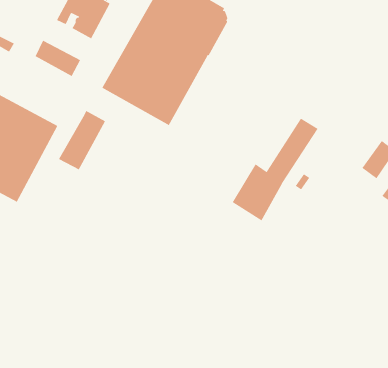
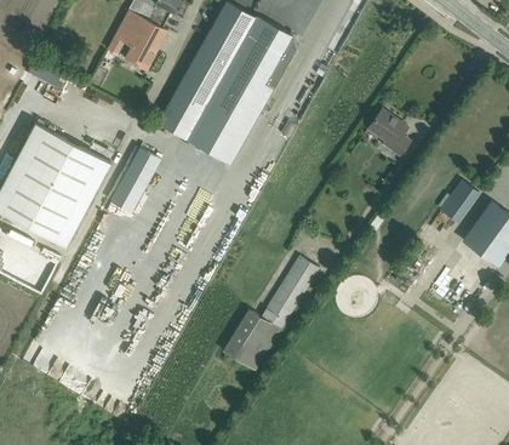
building: [35,40,81,77] -> none
building: none -> [367,108,410,155]
building: [232,118,318,221] -> [223,257,318,370]

